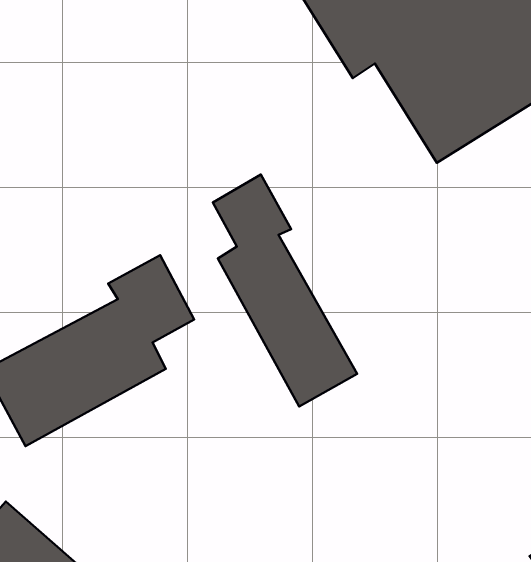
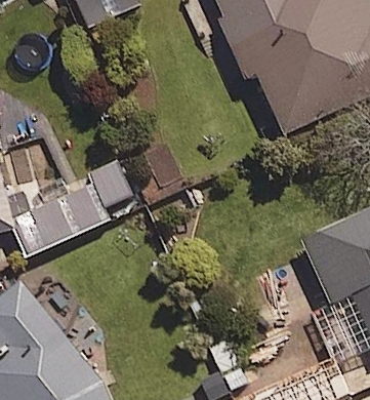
building: [213,175,357,406] -> none

